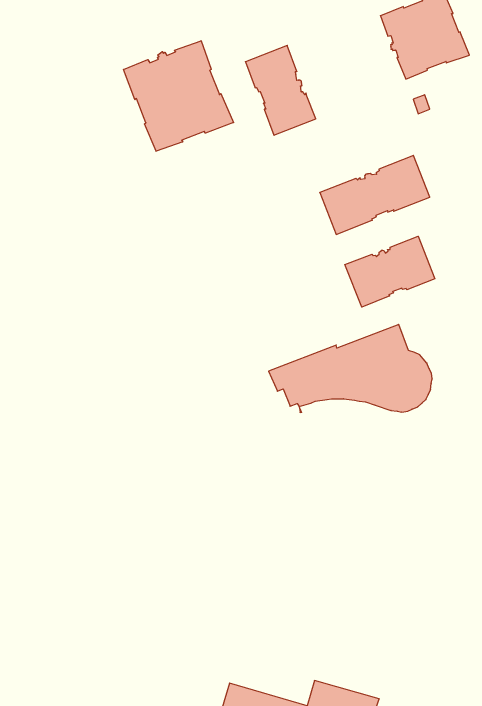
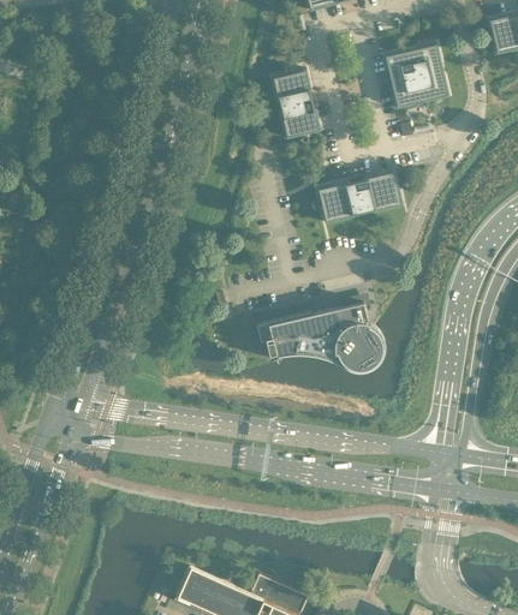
building: [124,41,234,151] -> none
building: [345,236,435,307] -> none

